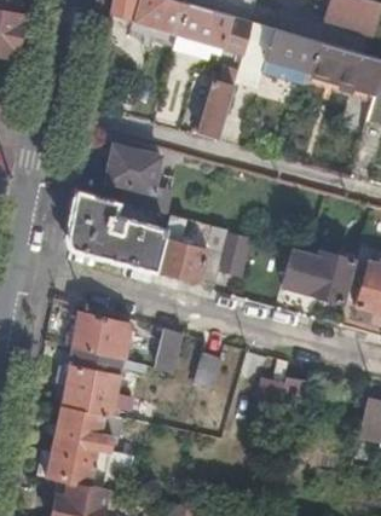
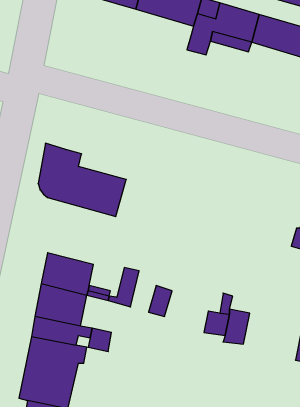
building: [197,60,242,138] -> none
building: [99,143,161,207] -> none
building: [156,214,230,286] -> none
building: [284,248,356,302] -> none

